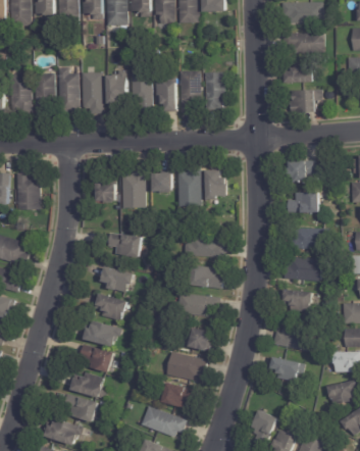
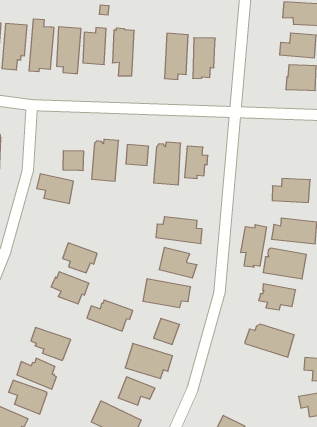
building: [155,82,177,110] -> none
building: [290,159,318,182] -> none
building: [108,233,141,257] -> [37,174,73,204]
building: none -> [241,225,267,267]
building: [80,322,120,349] -> [87,300,133,331]
building: [271,357,303,381] -> none

